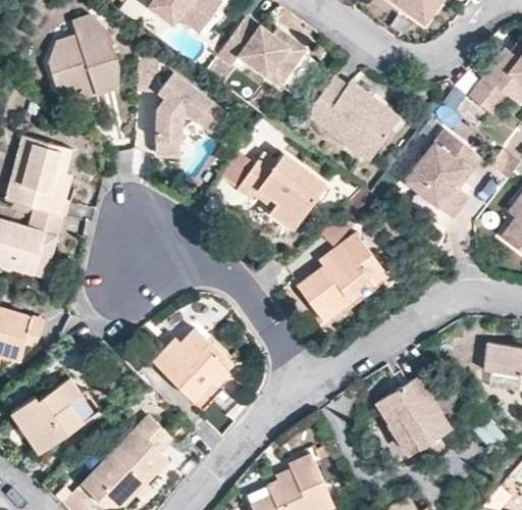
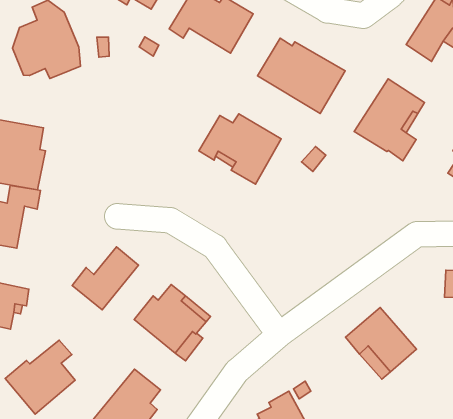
building: [155,63,226,159] -> none
building: [297,234,386,323] -> none
building: none -> [72,247,139,310]

